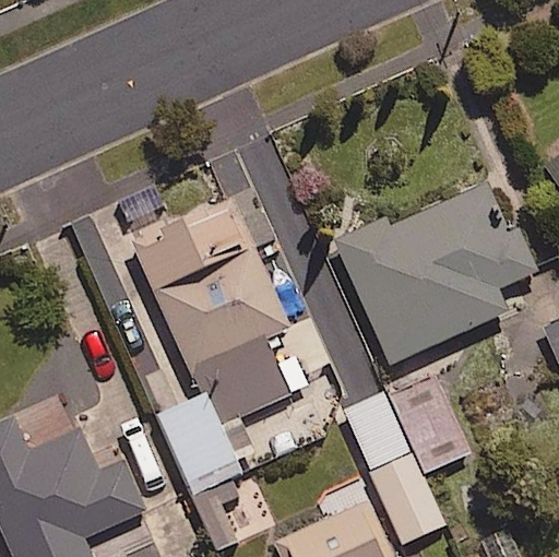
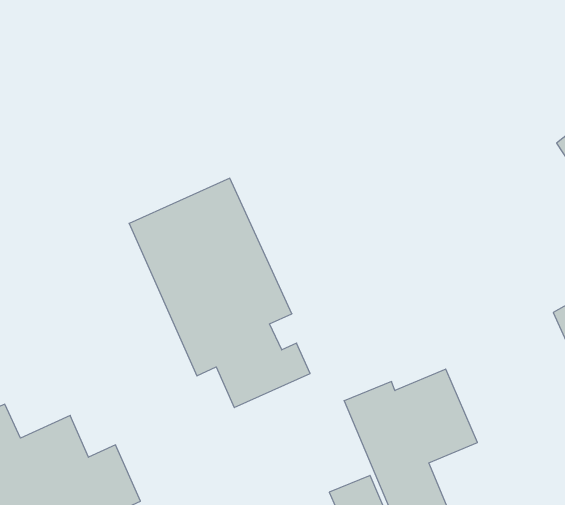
building: [338,186,536,362] -> none
building: [156,394,249,496] -> none

